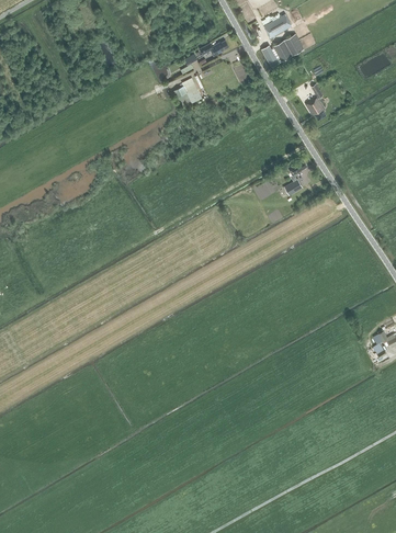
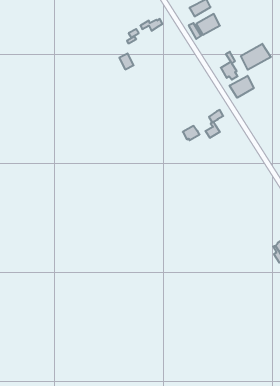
building: none -> [241,44,271,70]
building: none -> [230,76,254,98]

